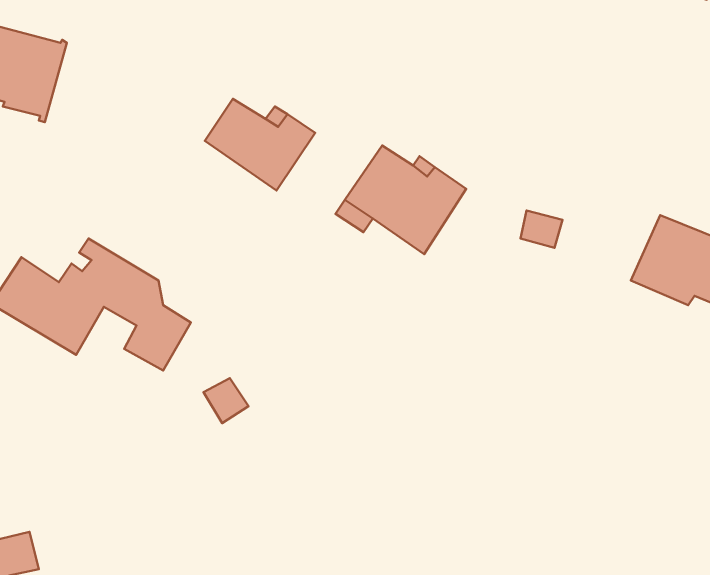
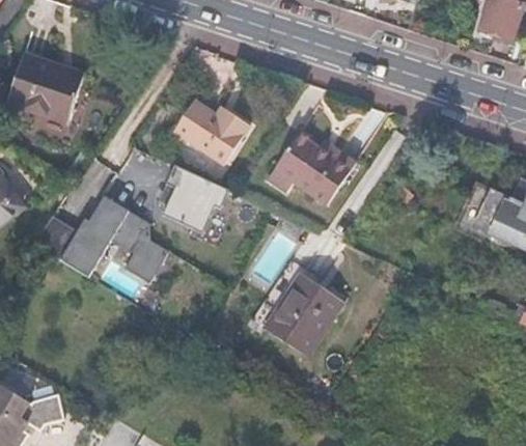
building: none -> [162,167,227,234]
building: none -> [267,264,354,361]

